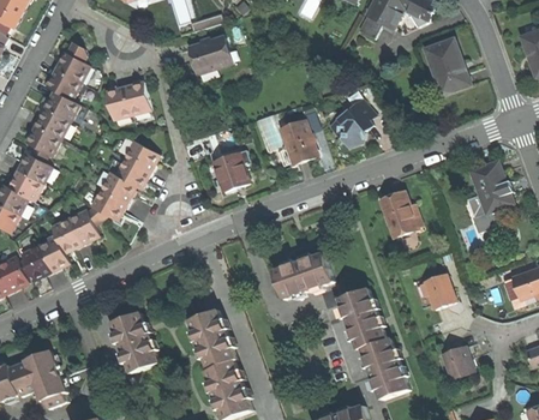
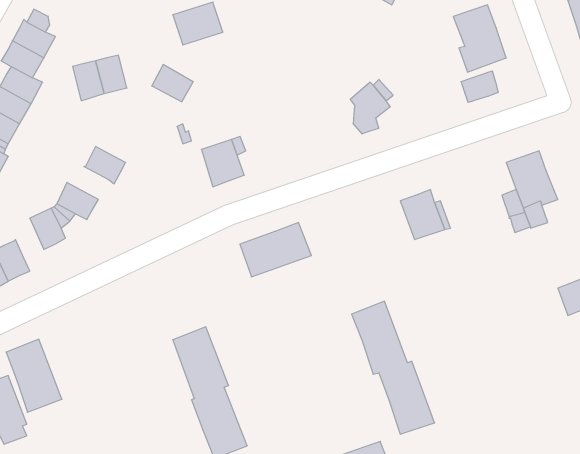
building: none -> [461,71,498,102]
building: [280,120,316,162] -> none
building: [124,139,158,170] -> [152,65,193,102]
building: [100,170,134,202] -> none
building: [49,214,80,251] -> none
building: [273,252,333,298] -> [240,223,311,277]
building: [423,272,454,308] -> none
building: [112,311,158,372] -> [6,339,62,412]
building: [441,344,472,376] -> none

